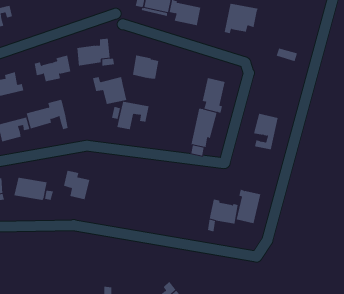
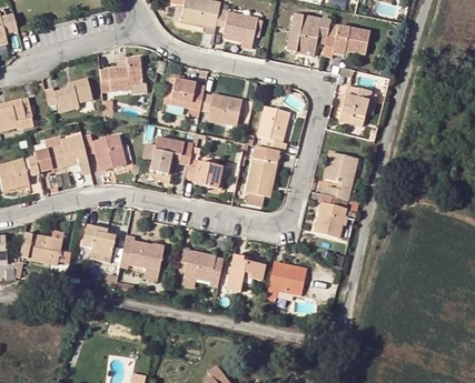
building: none -> [323,22,370,56]
building: none -> [338,85,369,127]
building: none -> [199,92,241,124]
building: [92,77,127,105] -> [80,134,125,170]
building: none -> [184,159,225,189]
building: none -> [118,234,164,270]
building: [236,189,261,224] -> [314,192,346,236]
building: none -> [180,250,222,285]
building: none -> [227,253,264,290]

